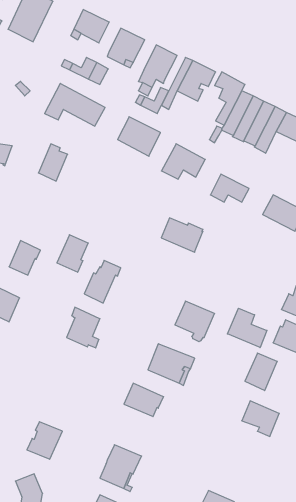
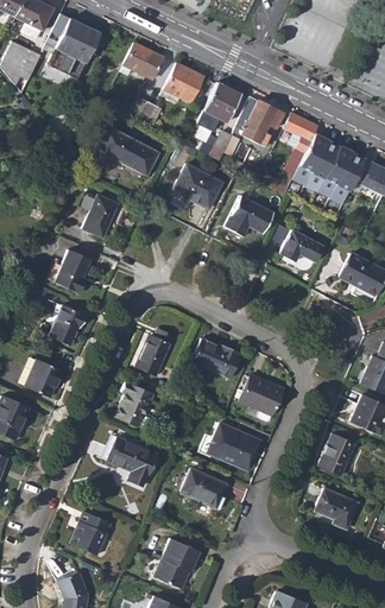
building: [161,218,203,252] -> [192,338,240,378]
building: [57,235,88,272] -> [55,249,90,292]
building: [227,308,267,348] -> none
building: none -> [107,436,157,486]

